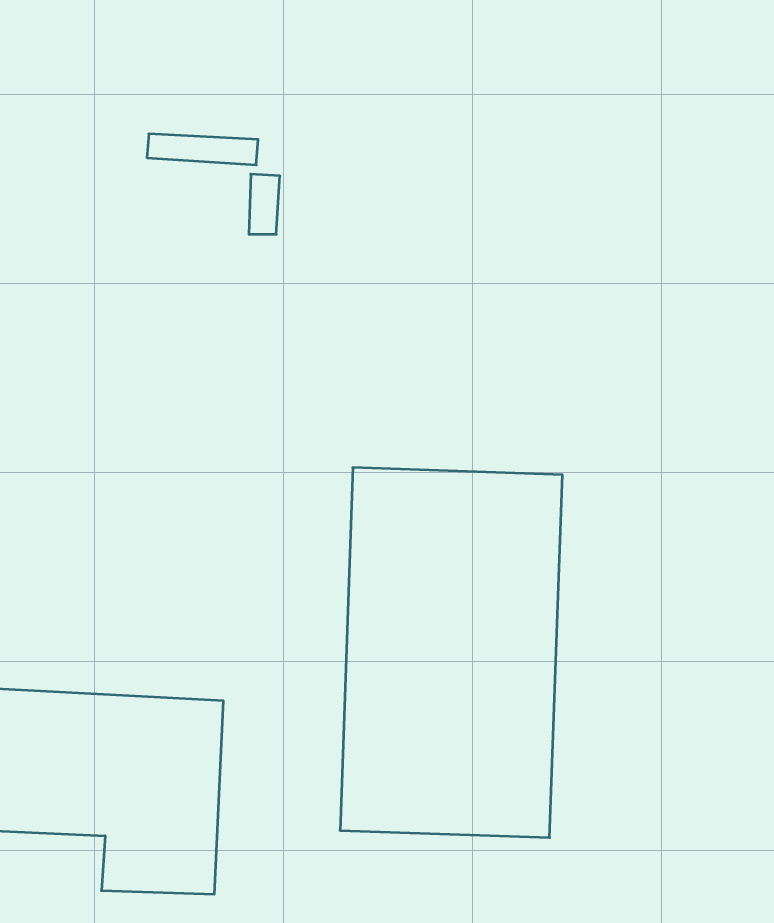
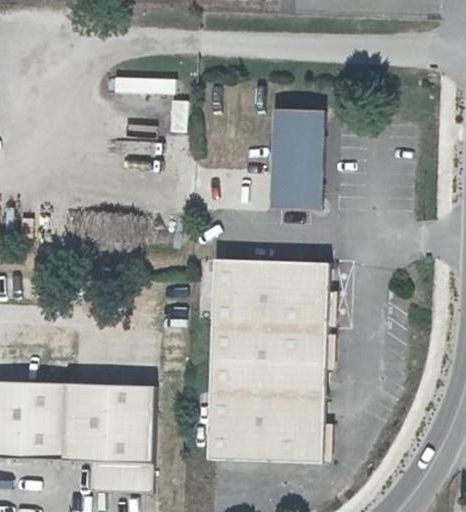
building: none -> [271,108,325,210]

